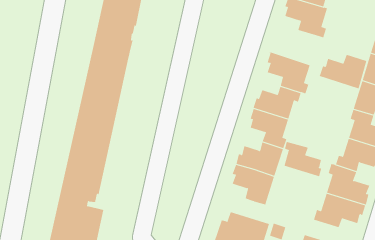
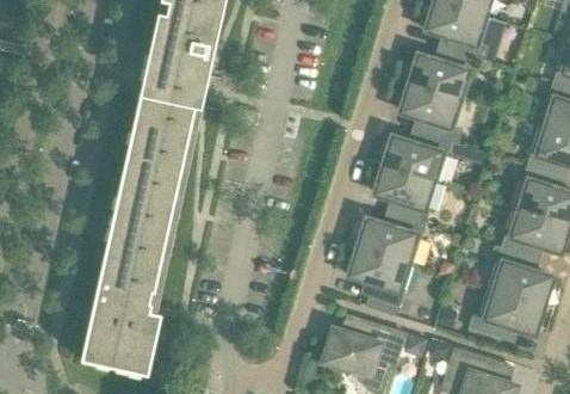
building: [317,54,367,89] -> [403,50,477,101]
building: [284,141,322,178] -> none

